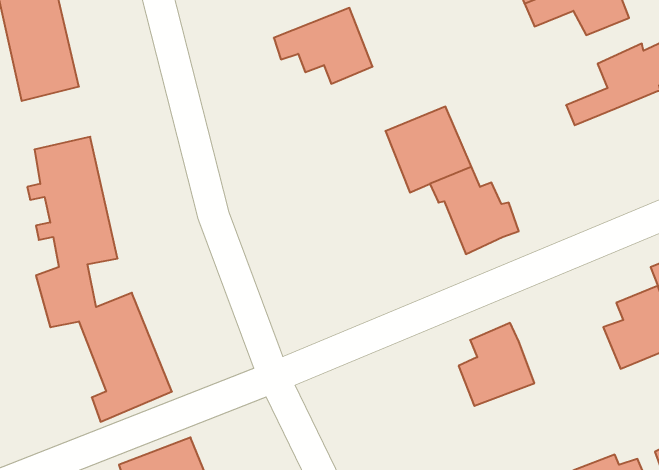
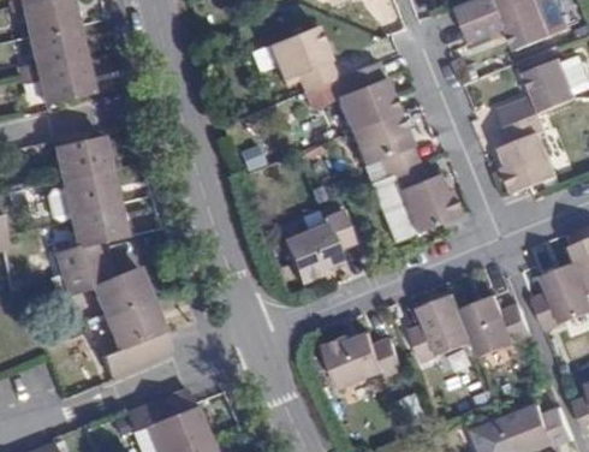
building: none -> [335,59,399,130]
building: none -> [501,111,559,191]
building: none -> [282,209,352,284]
building: none -> [460,293,531,356]
building: none -> [325,329,405,387]

